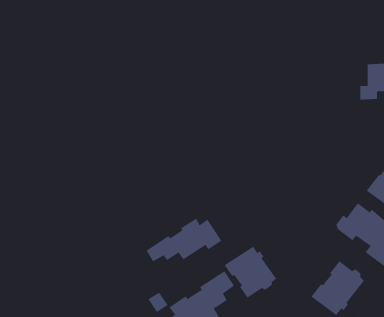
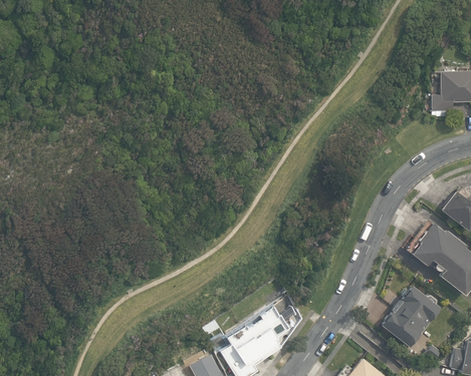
building: [146,218,222,262] -> none
building: [224,246,277,299] -> none

